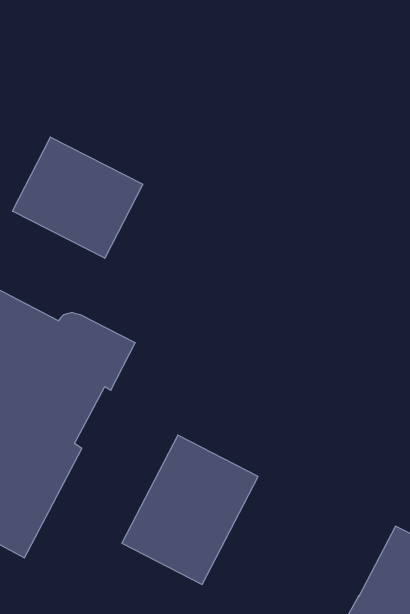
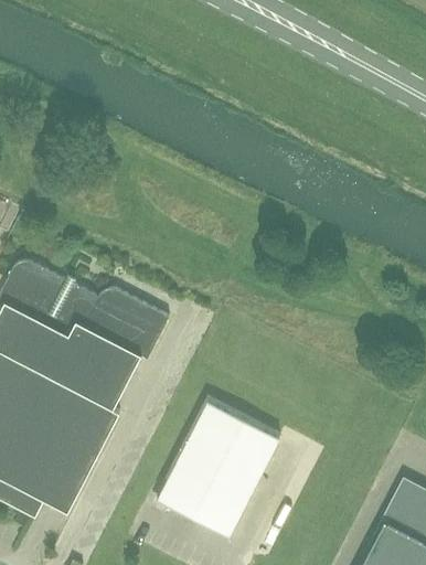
building: [12,137,143,258] -> none

